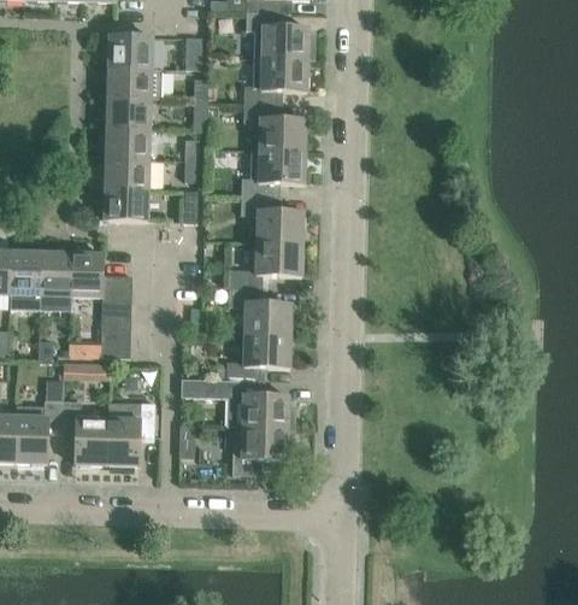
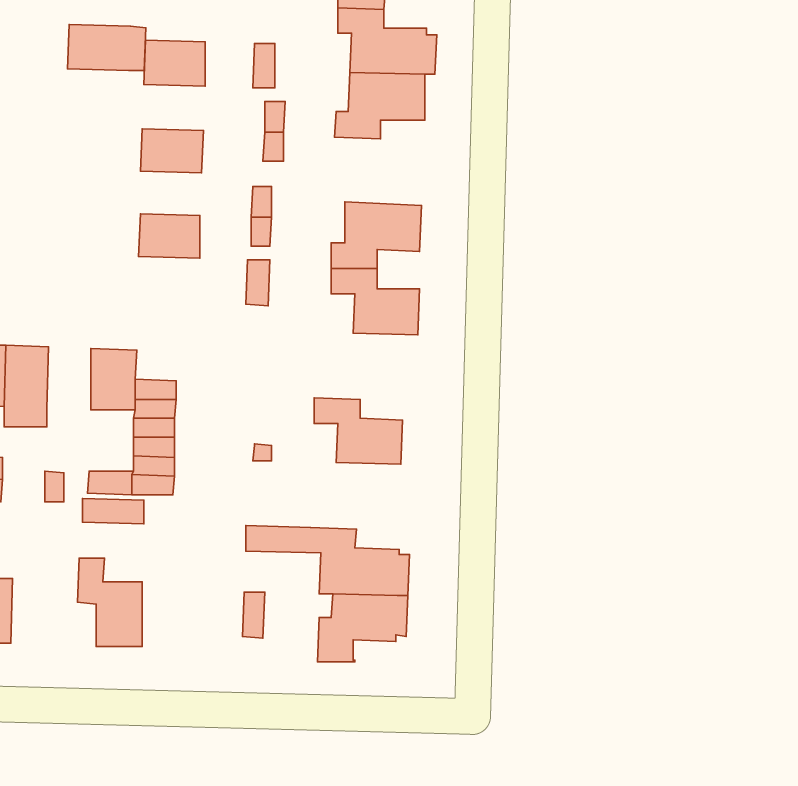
building: [107,66,163,99] -> [68,24,146,70]
building: [243,104,306,152] -> none
building: [106,128,149,159] -> none
building: [104,188,148,221] -> none
building: [229,242,302,289] -> none
building: [40,252,71,310] -> none
building: [216,334,290,381] -> none
building: [14,378,63,463] -> none
building: [107,403,154,465] -> none

